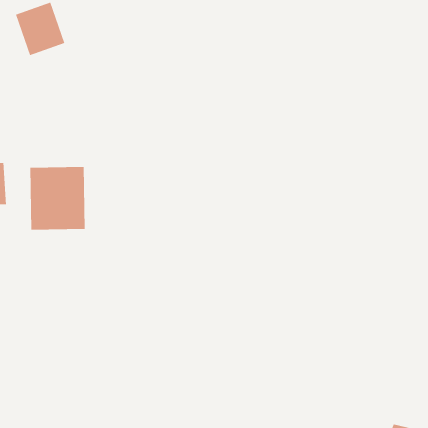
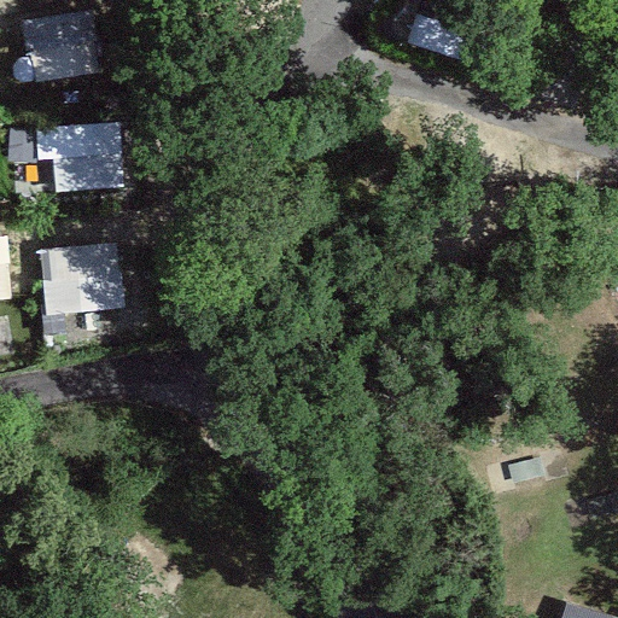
building: none -> [27,123,123,190]

